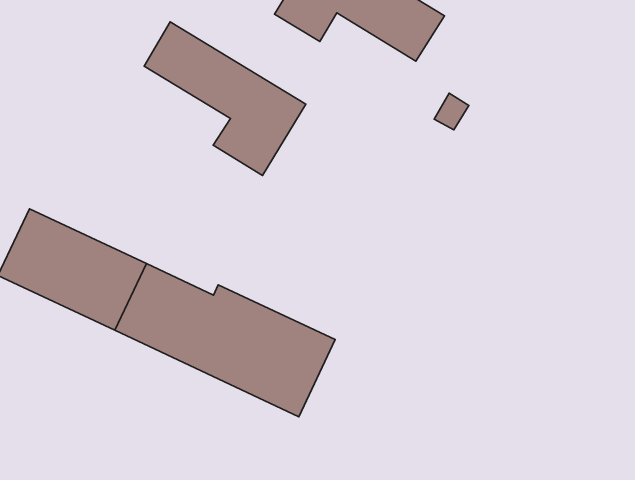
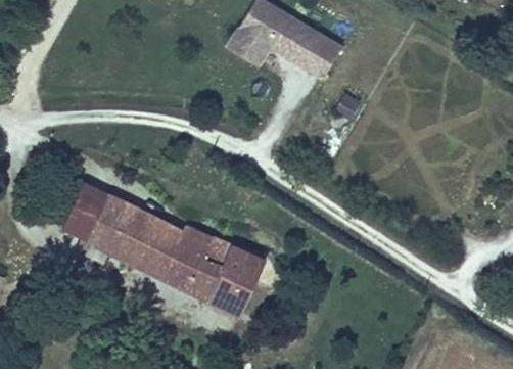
building: [144,22,306,176] -> none

